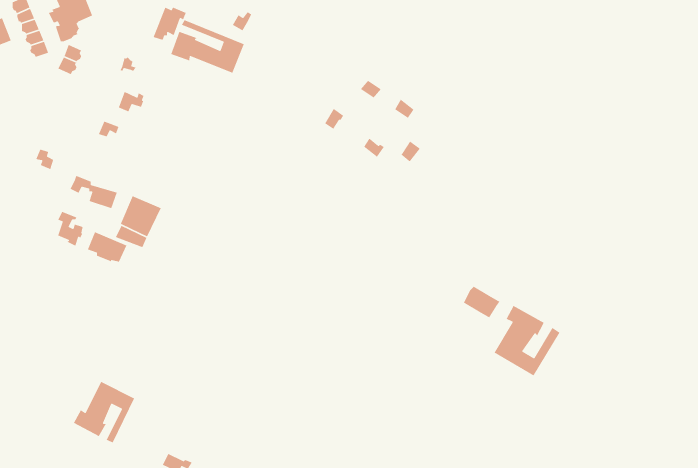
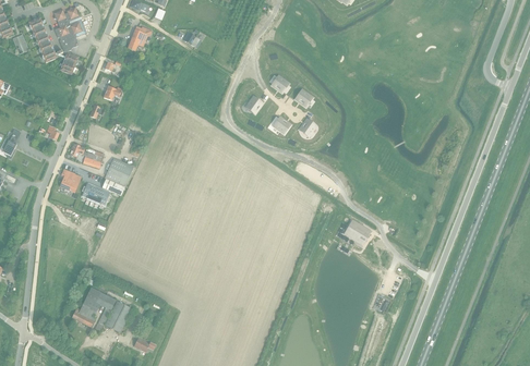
building: [170,19,245,74] -> none
building: [494,305,560,376] -> none
building: none -> [105,300,133,331]

